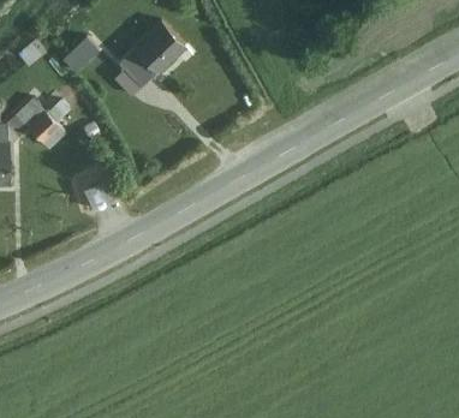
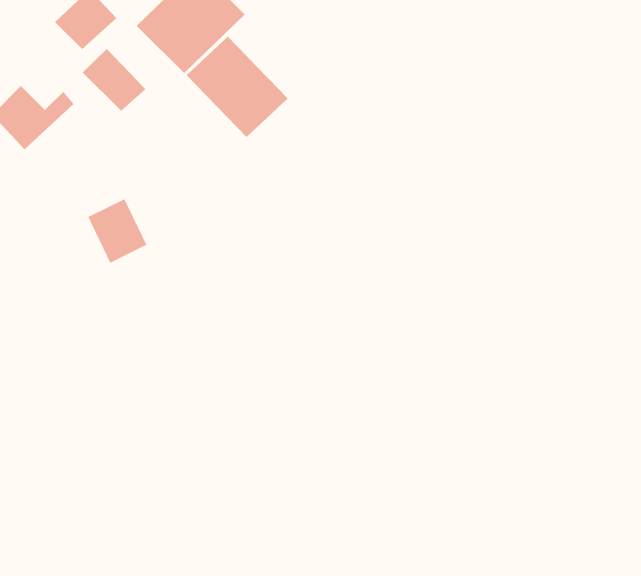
building: none -> [186,36,288,138]
building: none -> [82,48,146,112]

